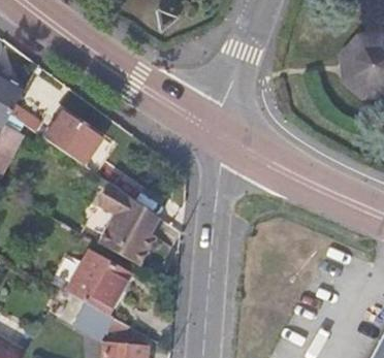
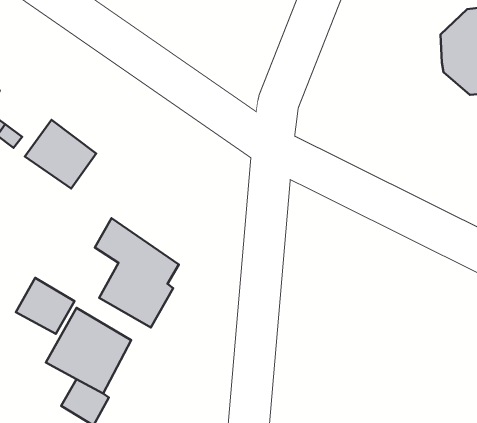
building: none -> [16,278,74,334]

